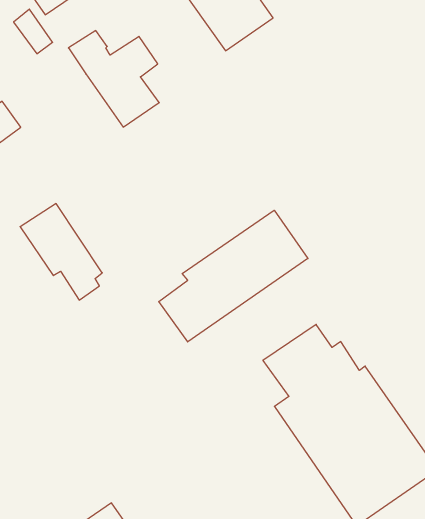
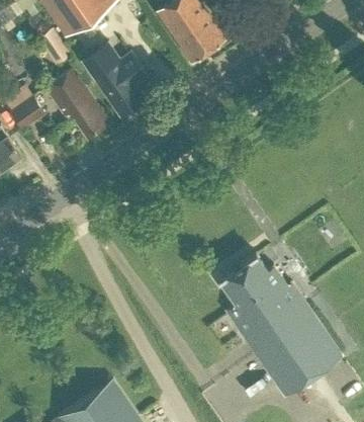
building: [20,204,102,300] -> [48,72,105,140]
building: [159,210,308,342] -> none

